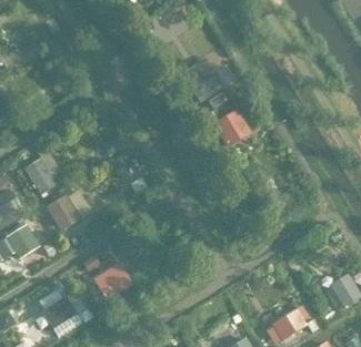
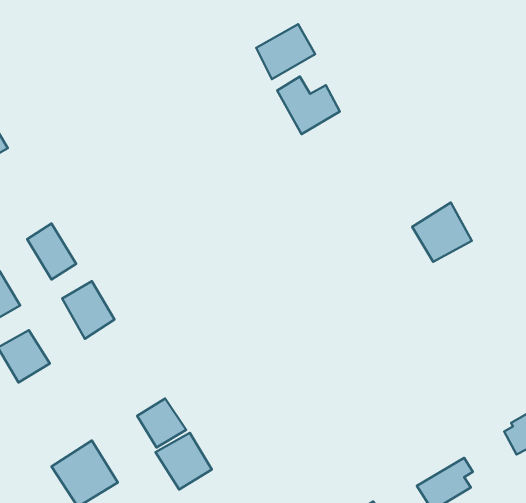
building: none -> [256,24,315,79]
building: [213,109,251,146] -> [412,202,472,262]
building: none -> [155,433,212,489]

